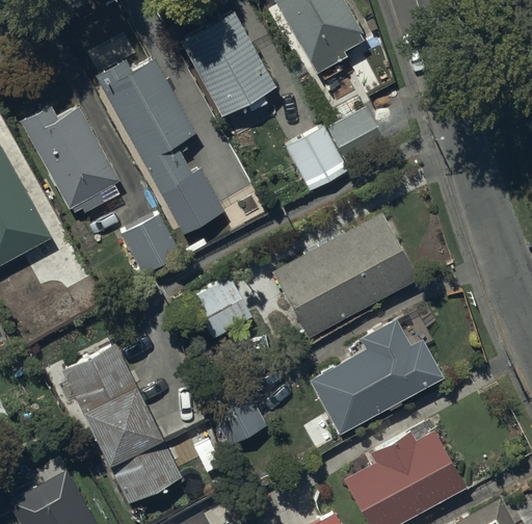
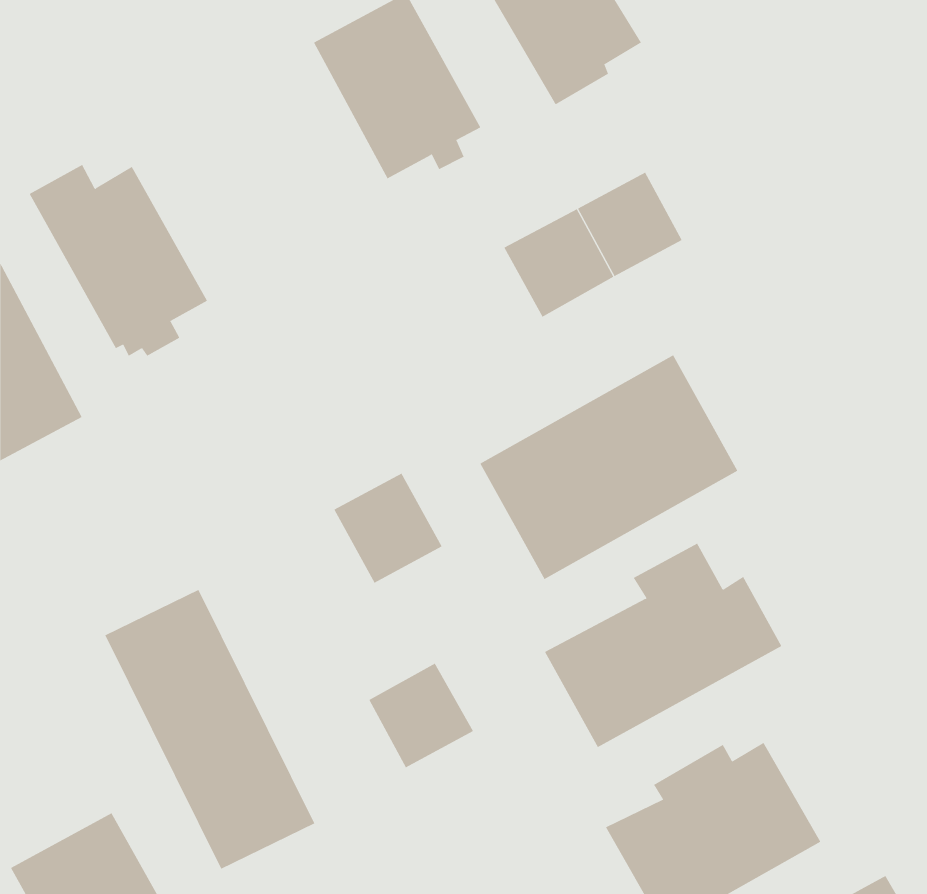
building: [91,41,223,233] -> none
building: [123,215,181,274] -> none

